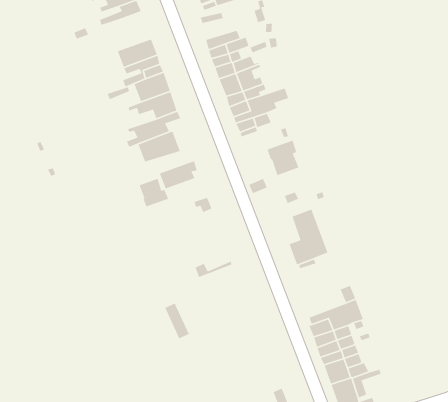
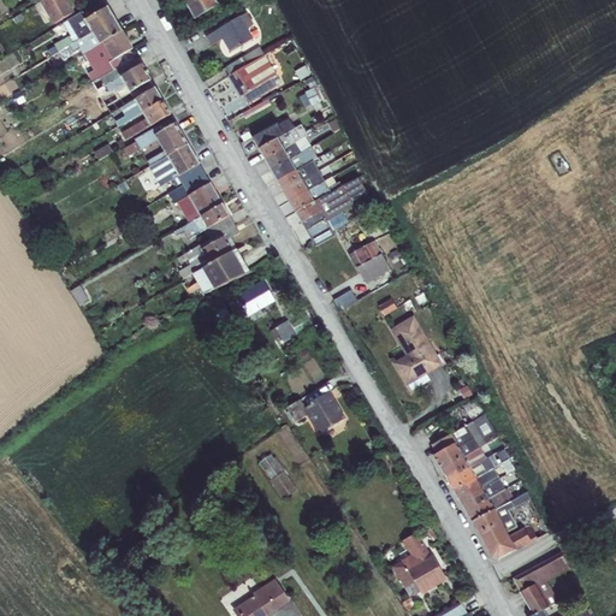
building: none -> [123,123,188,166]
building: [138,178,169,208] -> none
building: none -> [304,397,342,432]

